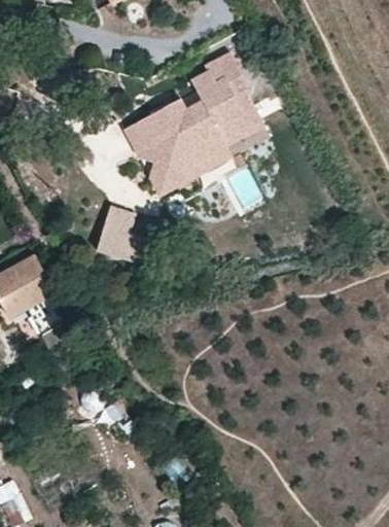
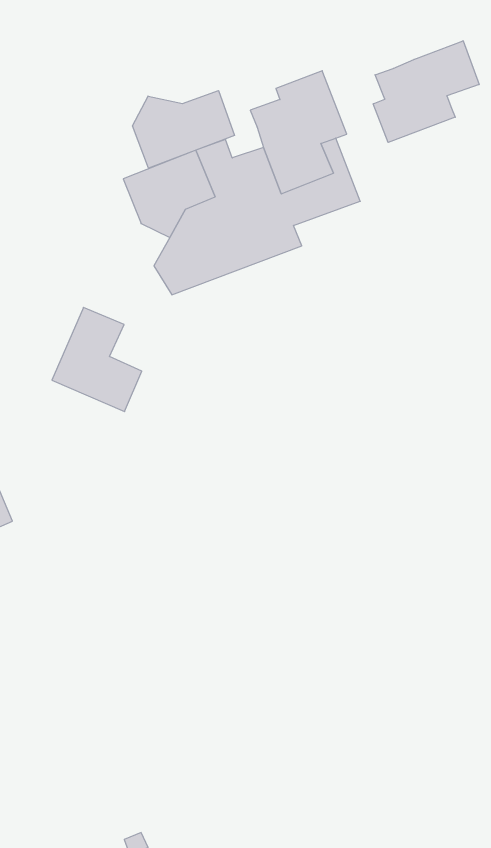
building: none -> [373,41,479,142]
building: none -> [132,91,235,168]

